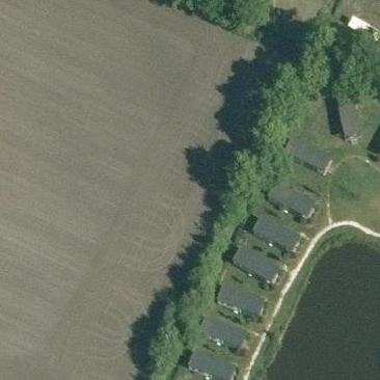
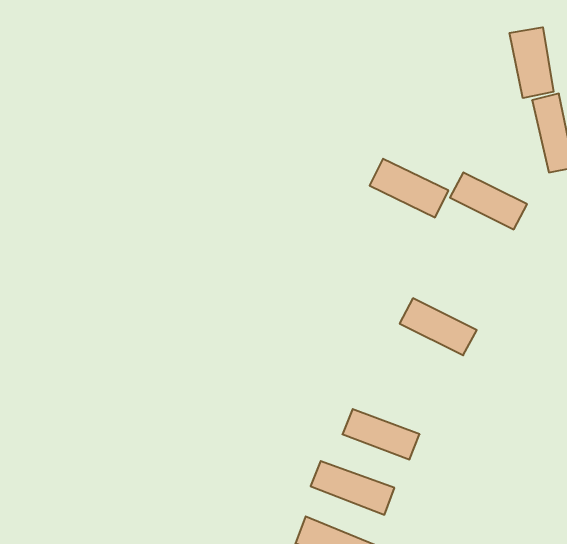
building: none -> [510,27,554,98]
building: [267,181,316,217] -> [370,159,448,217]
building: [234,245,281,281] -> none

